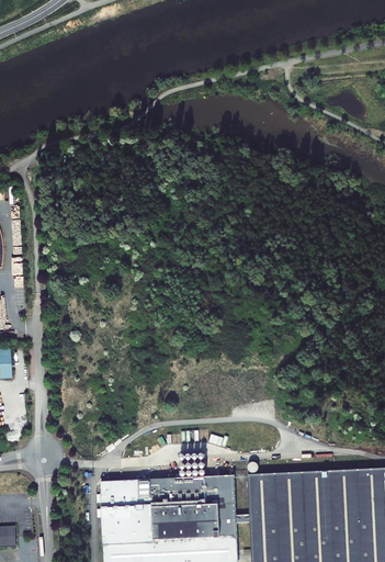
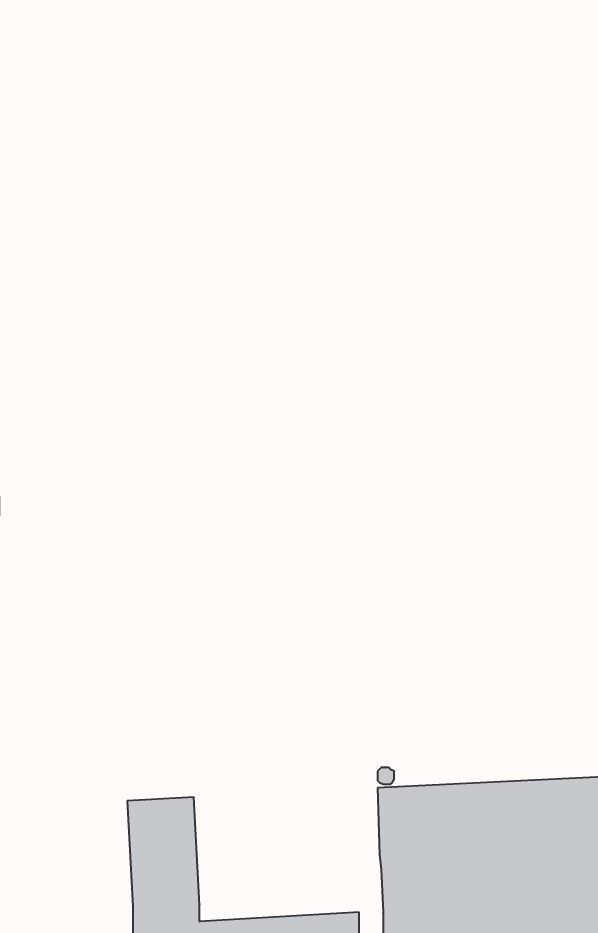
building: [140,475,251,553] -> none

